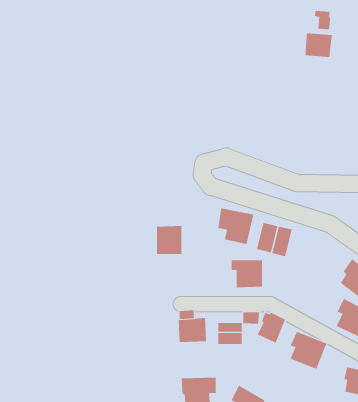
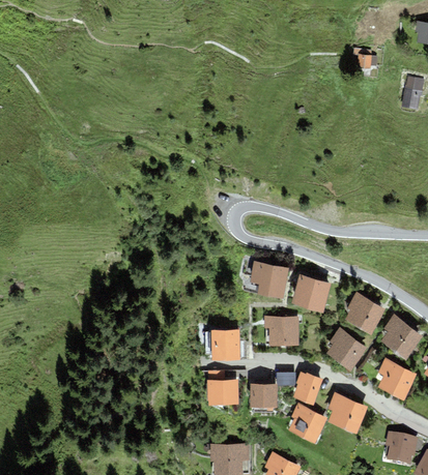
building: [305,32,333,58] -> none
building: [156,226,182,255] -> [211,329,239,360]
building: none -> [344,292,386,334]
building: none -> [326,327,367,372]
building: none -> [288,403,327,443]

